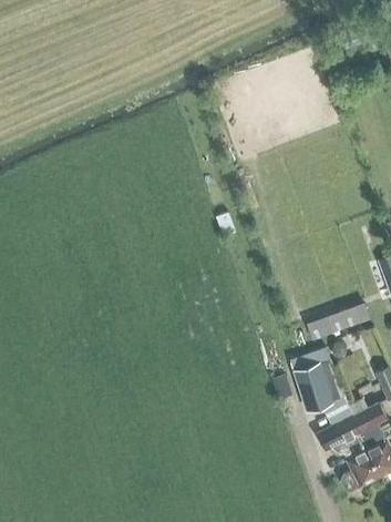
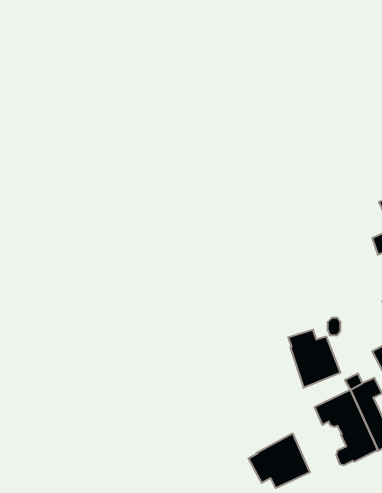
building: [308,303,371,340] -> none
building: none -> [248,433,310,488]

